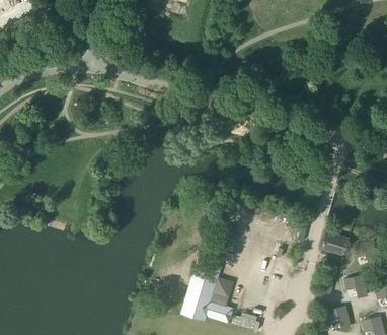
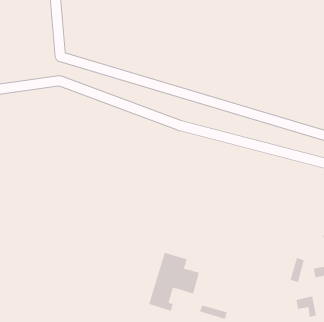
building: [321,231,350,259] -> none

